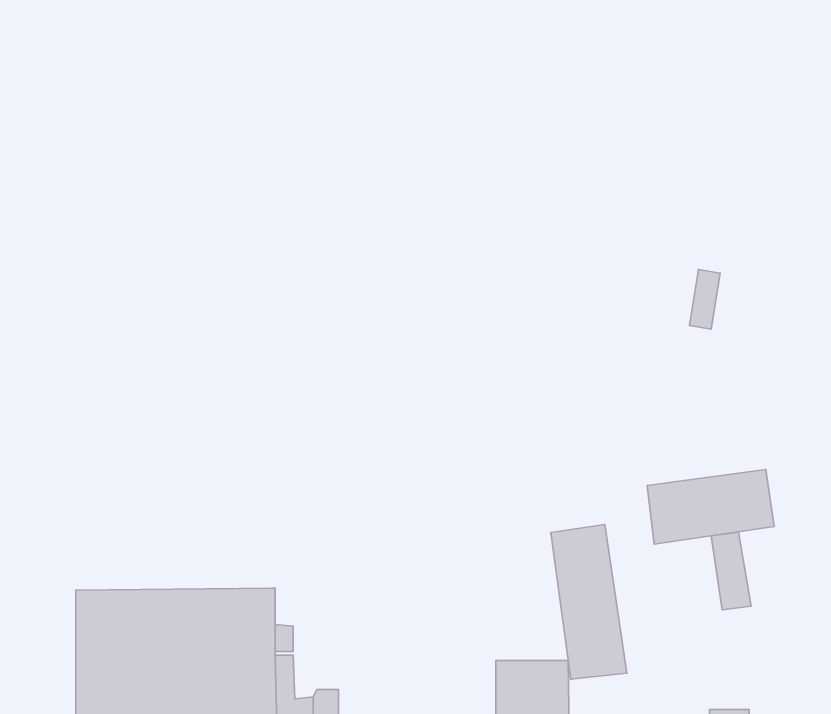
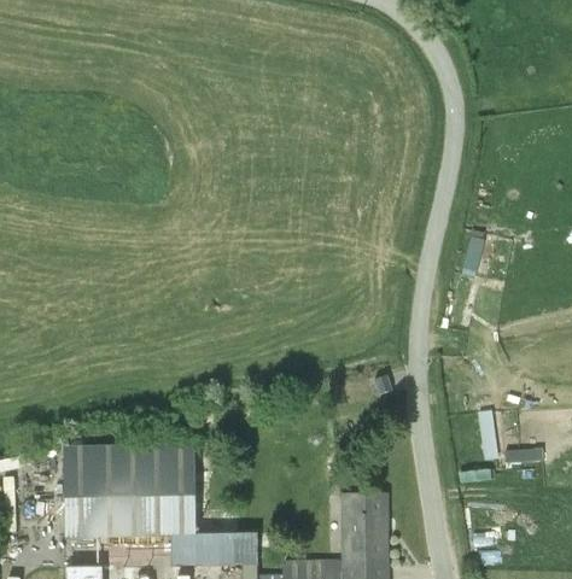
building: [647,470,774,544] -> none
building: [551,524,627,679] -> none

